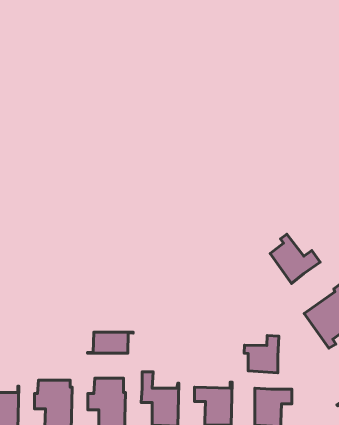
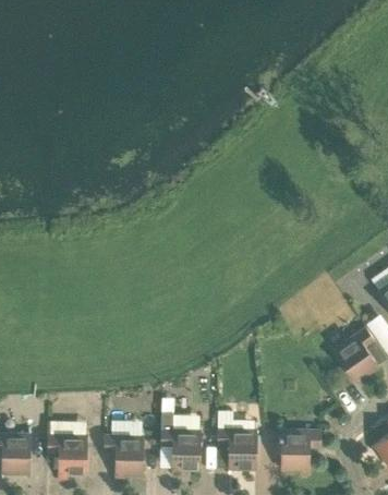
building: [270,234,320,284] -> none
building: [88,332,133,353] -> none
building: [244,335,279,373] -> none

